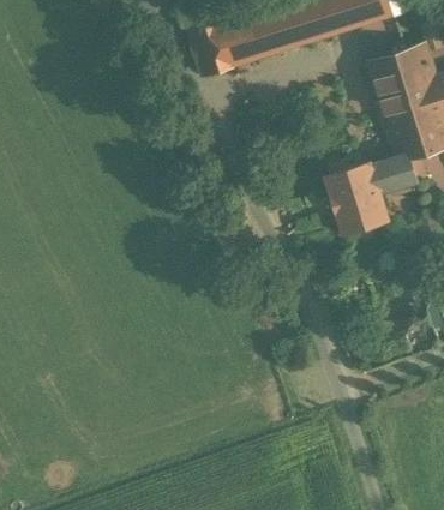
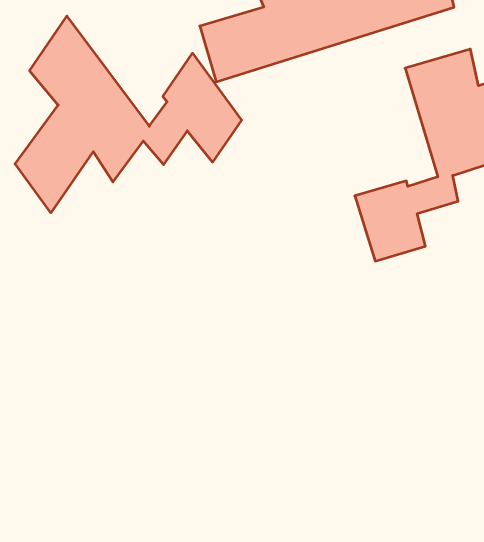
building: none -> [15,16,242,213]

